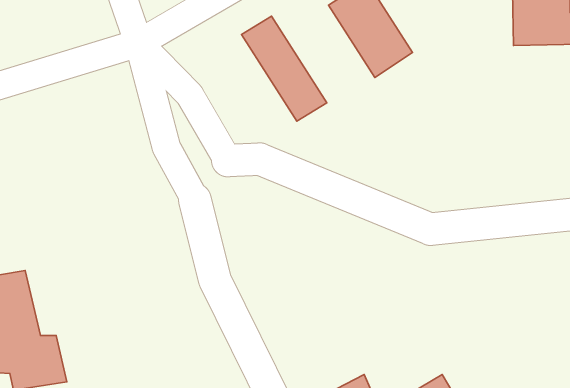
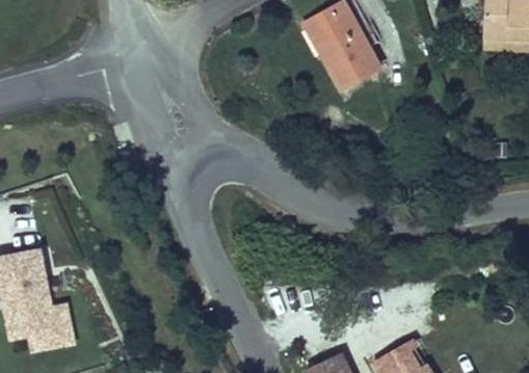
building: [241,16,327,121] -> none

